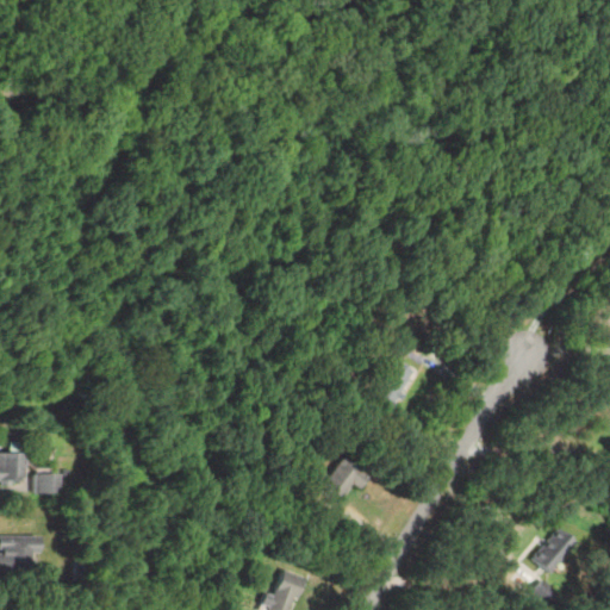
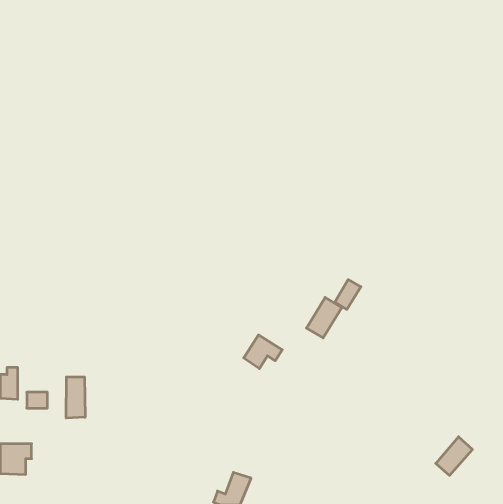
building: none -> [335,280,361,309]
building: none -> [66,377,85,418]
building: [324,459,371,499] -> [244,335,282,369]

